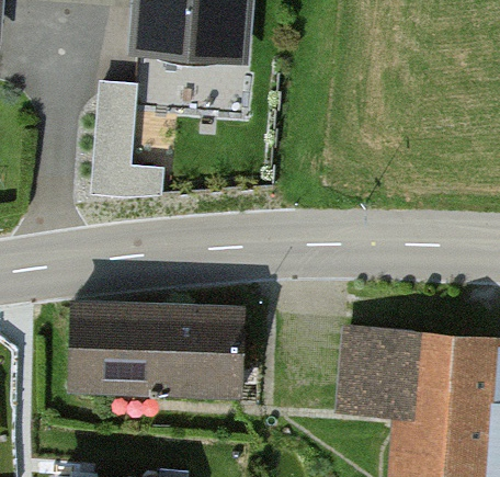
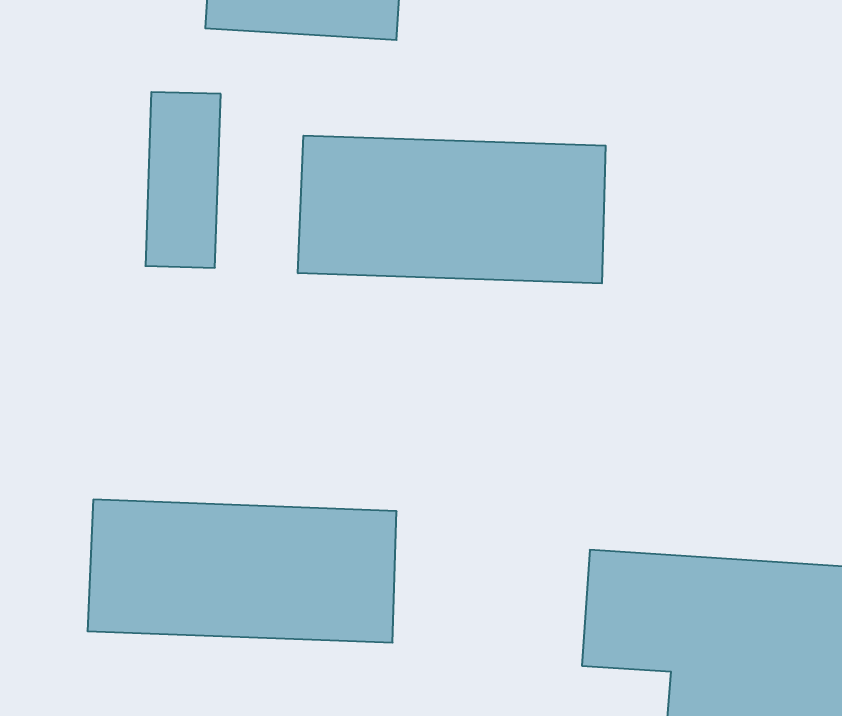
building: none -> [298,136,606,283]

